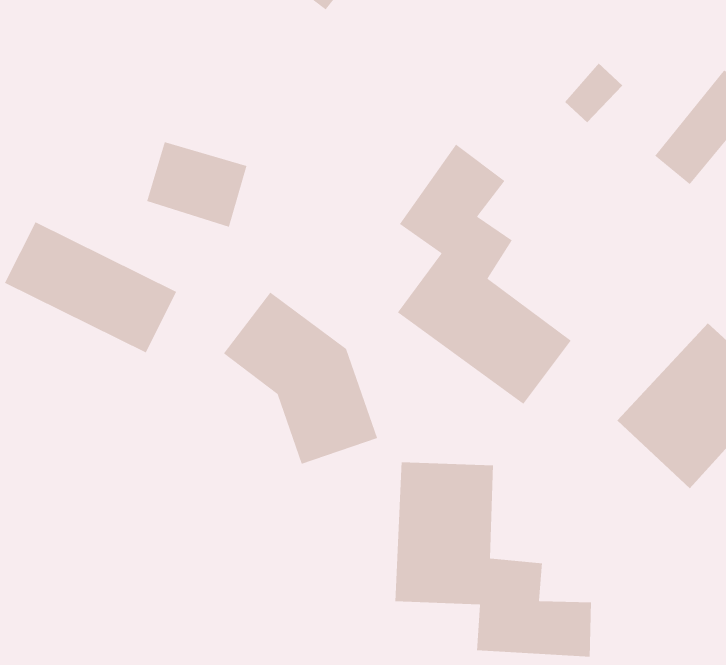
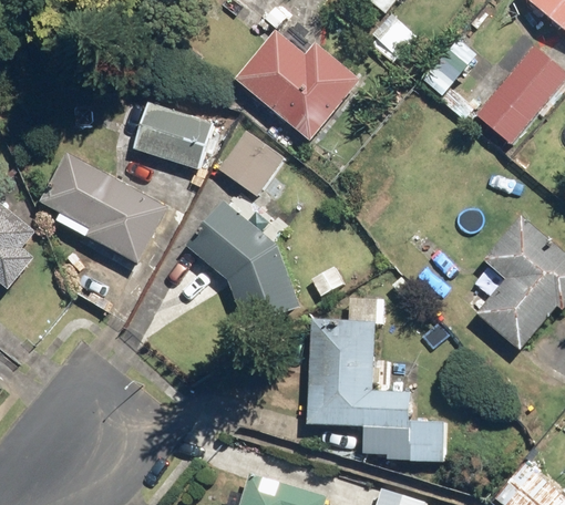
building: none -> [239,34,346,135]
building: [397,144,572,405] -> none
building: none -> [219,134,280,193]

